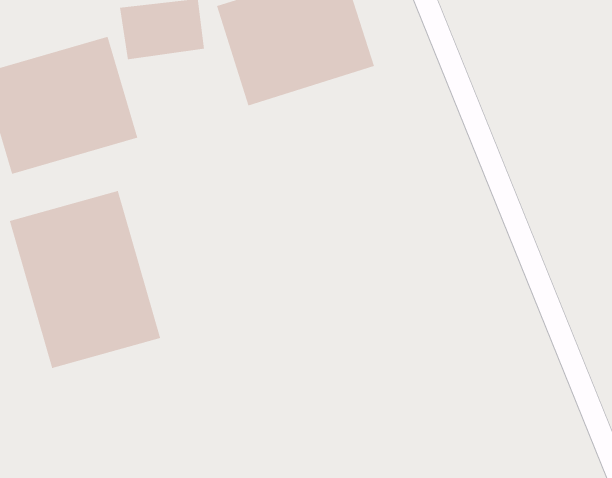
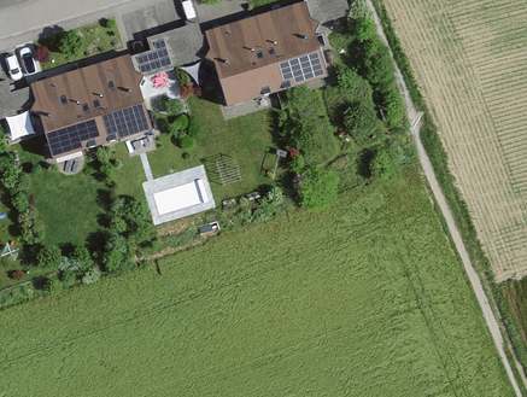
building: [9,190,161,369] -> none

